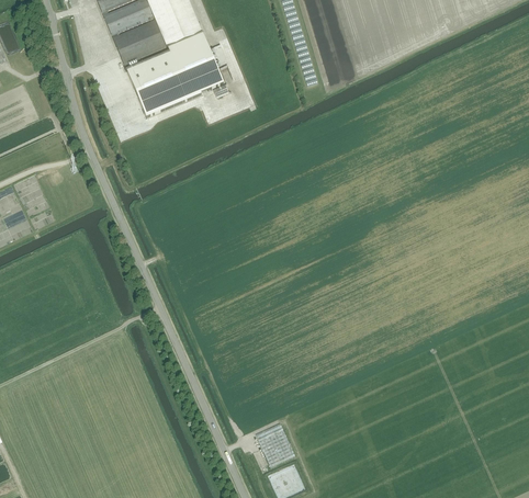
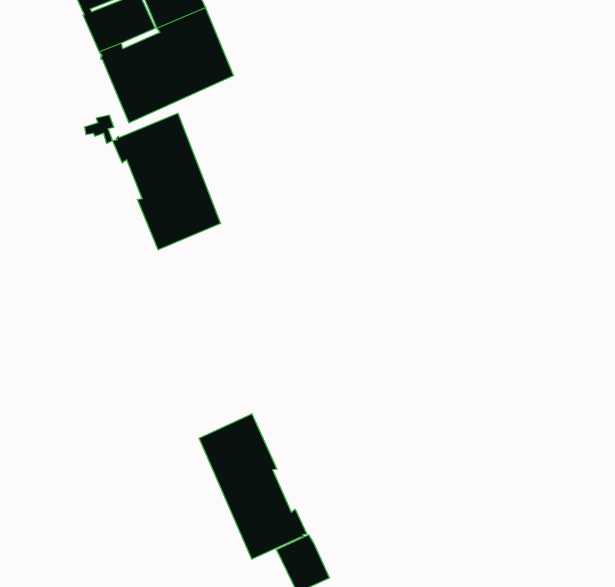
building: none -> [112,113,221,250]
building: none -> [199,414,307,559]

